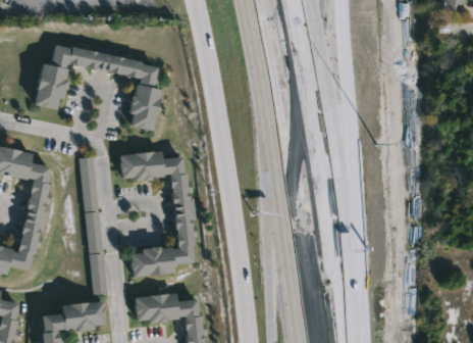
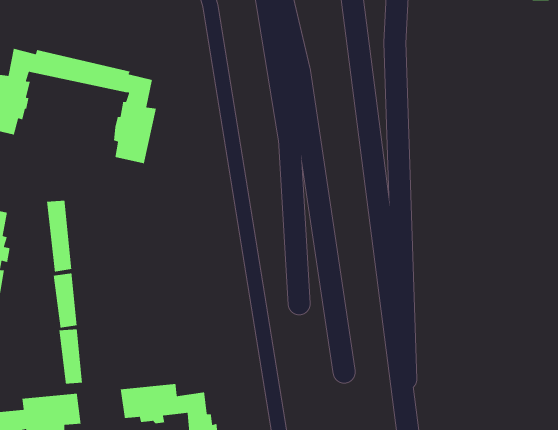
building: [120,151,199,278] -> none

